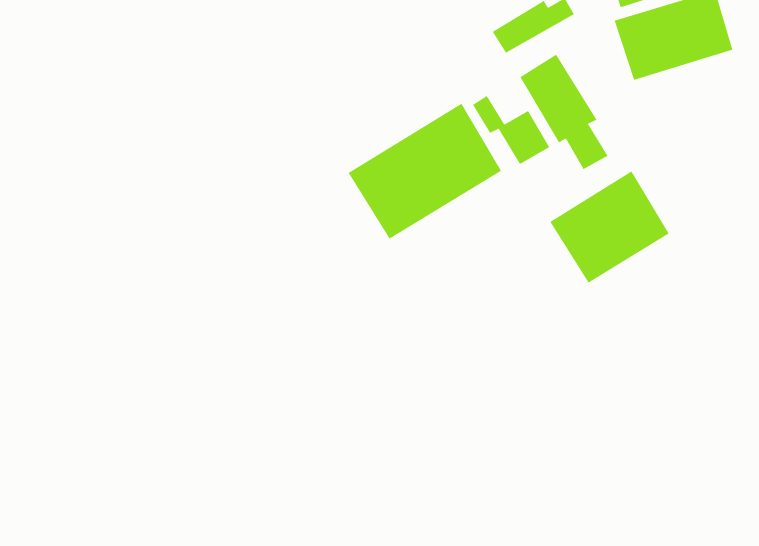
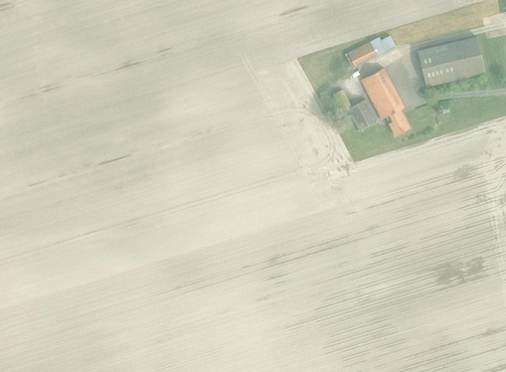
building: [348,103,502,239] -> none
building: [549,170,670,284] -> none

